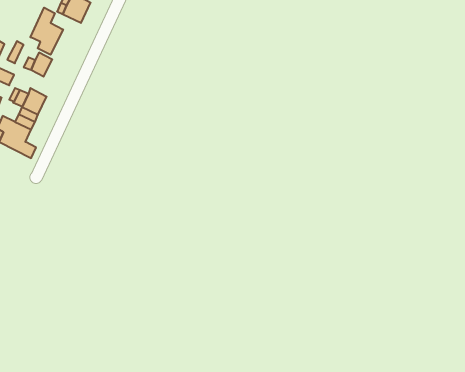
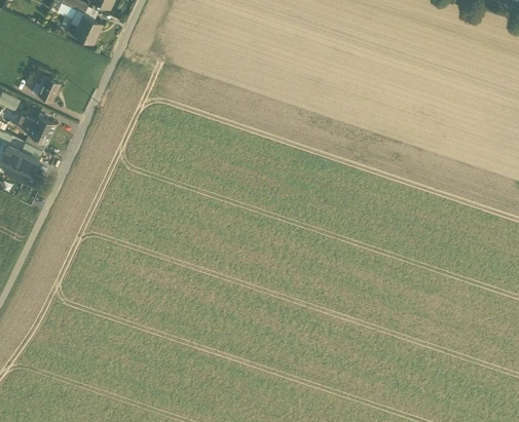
building: [30,8,63,55] -> none

